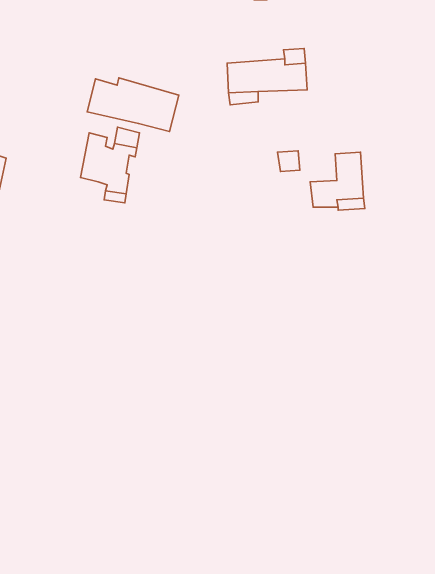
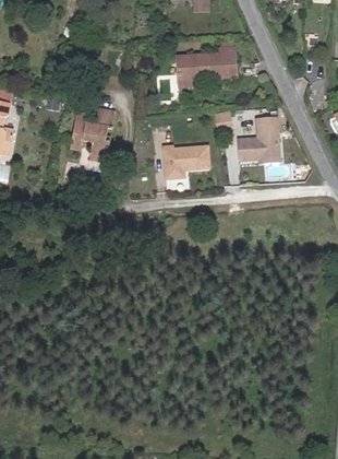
building: [87,78,179,132] -> none
building: none -> [164,151,207,183]

